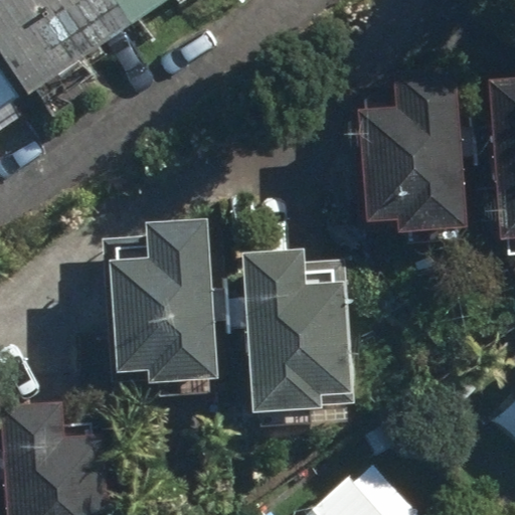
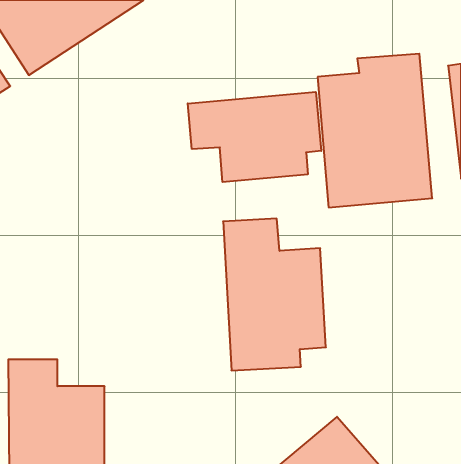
building: none -> [188,92,321,182]
building: [101,216,220,383] -> none

